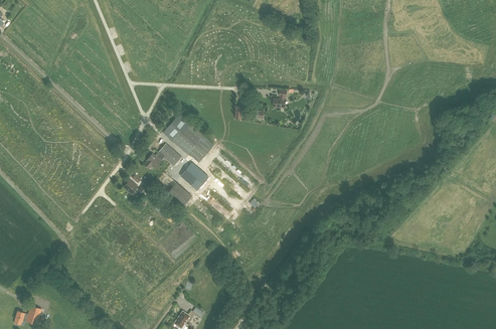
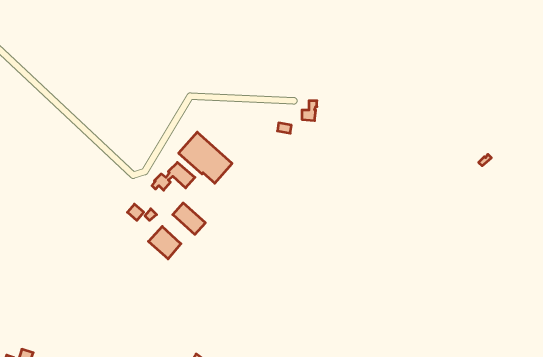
building: [180,161,208,189] -> [148,226,181,259]

